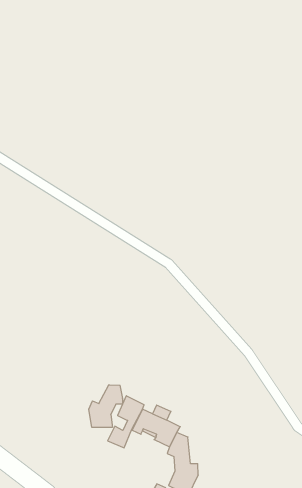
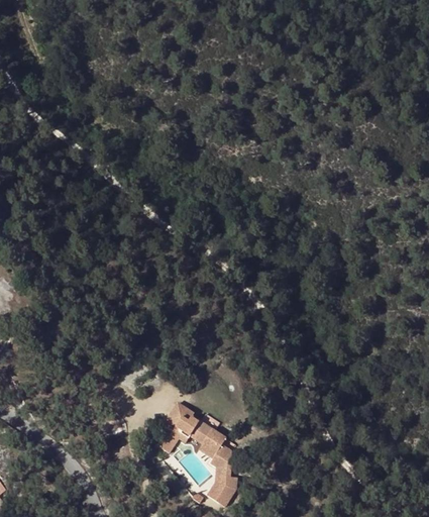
building: [89,385,123,427] -> none

